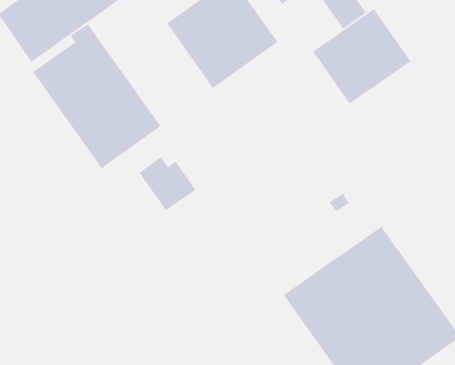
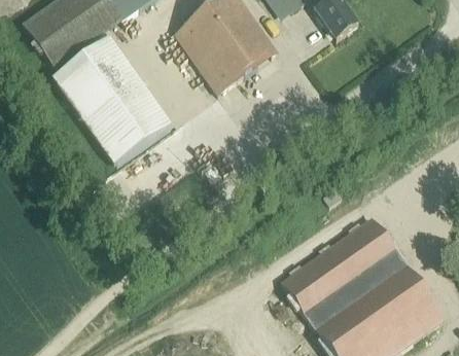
building: [312,8,412,105] -> none
building: [138,156,197,211] -> none

